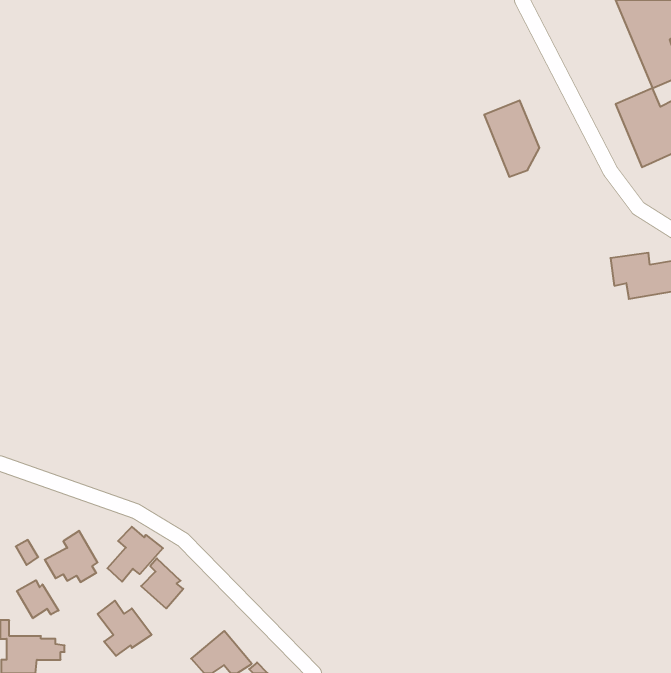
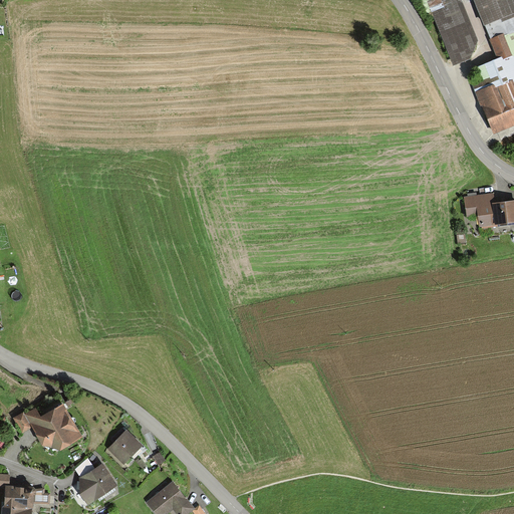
building: [484,100,539,177] -> [433,4,475,62]
building: [107,527,163,582] -> none
building: [17,580,59,618] -> none

